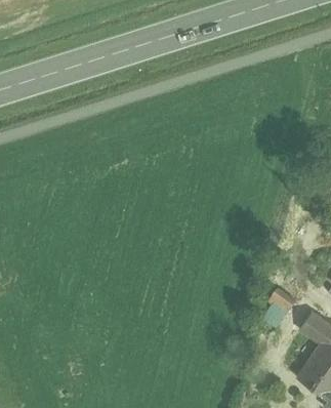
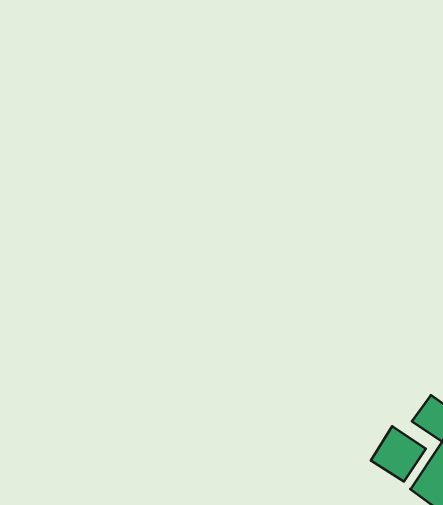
building: none -> [371,426,426,481]

